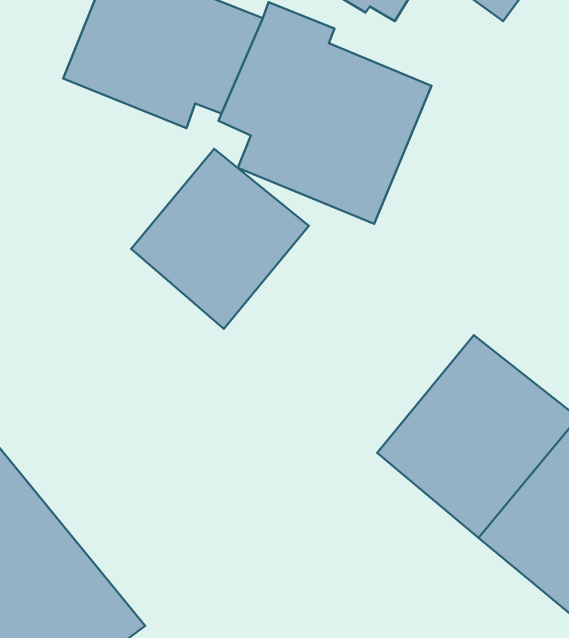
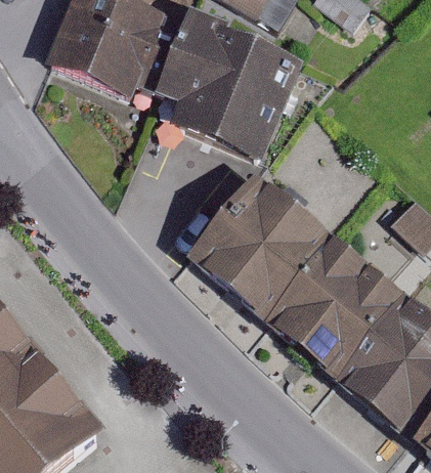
building: [131,149,309,329] -> none
building: none -> [190,179,337,326]

